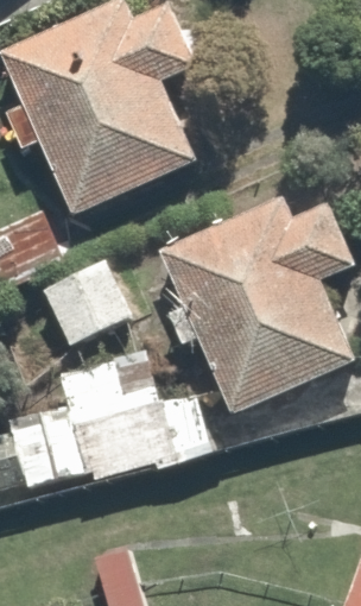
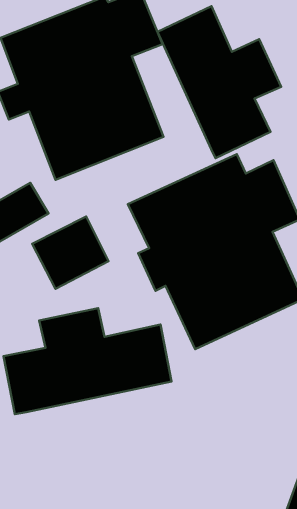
building: none -> [157,6,281,158]

